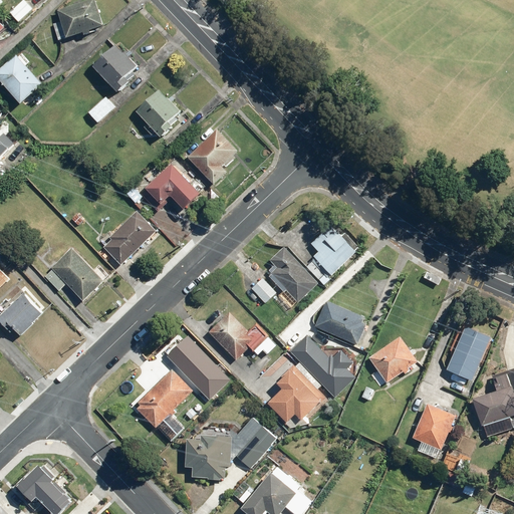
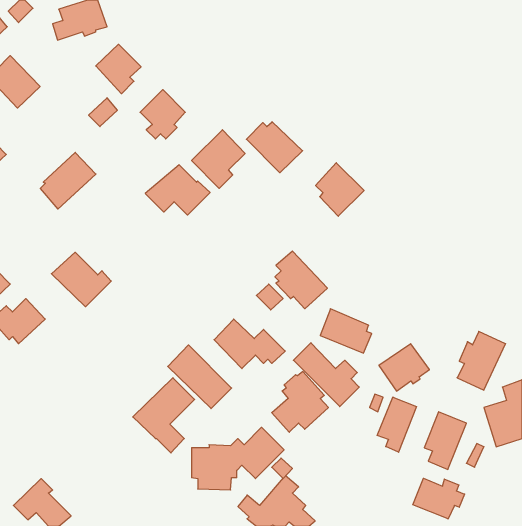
building: none -> [246,122,303,173]
building: [103,210,158,265] -> [40,152,96,209]
building: [308,226,355,278] -> [316,163,364,216]
building: none -> [377,397,416,452]
building: none -> [413,478,465,519]

